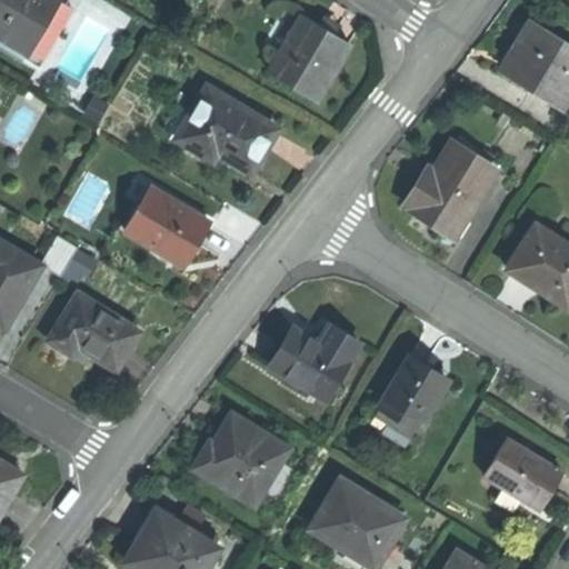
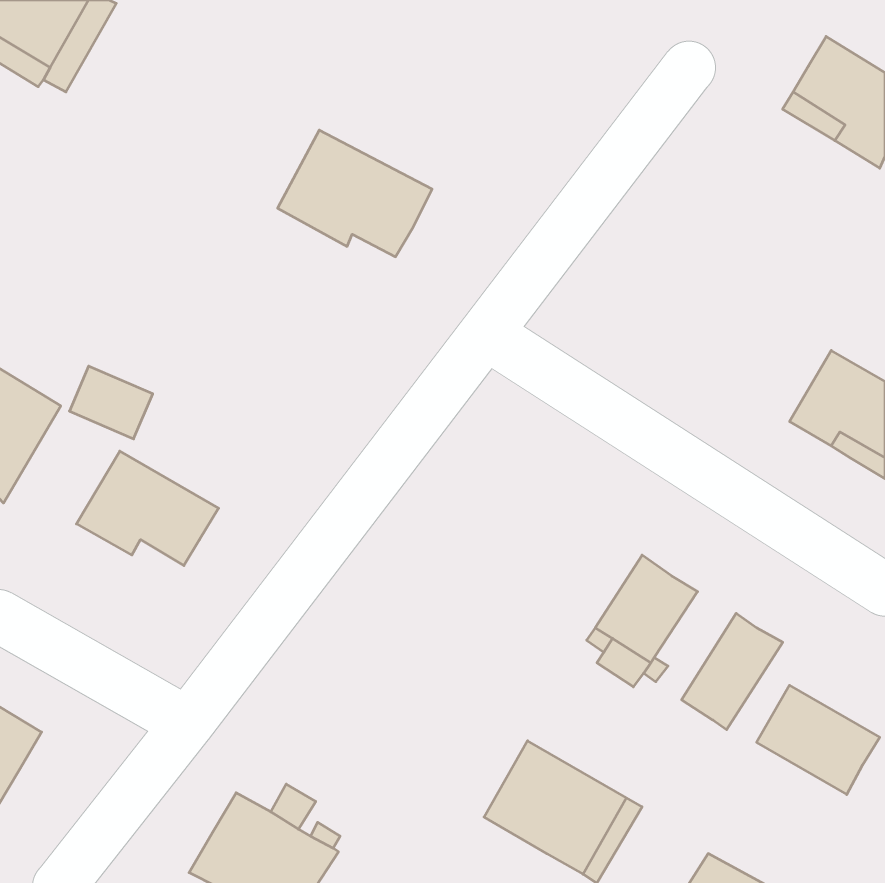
building: [269,19,346,100] -> none
building: [405,143,497,237] -> none
building: [122,187,209,266] -> none
building: [270,322,357,399] -> none
building: none -> [682,613,783,730]
building: [196,410,287,501] -> none

